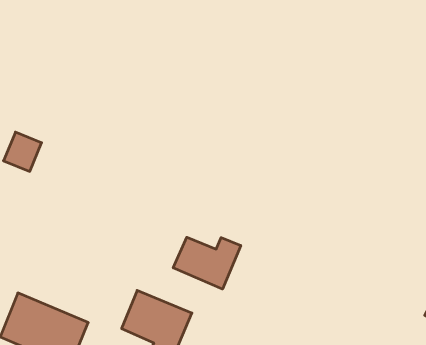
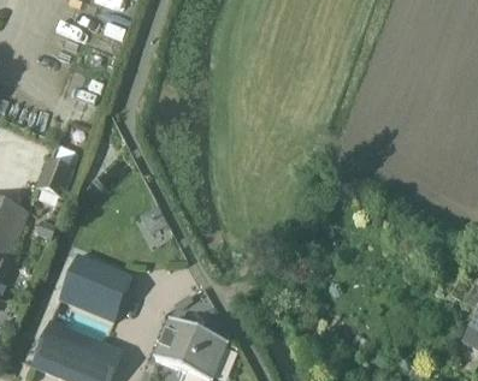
building: none -> [60,254,131,320]
building: [173,237,241,289] -> none

